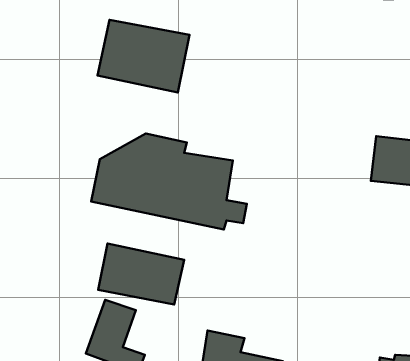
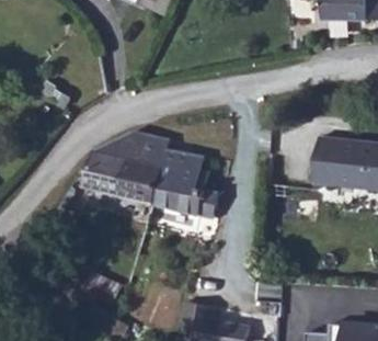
building: [97,20,189,92] -> none
building: [98,243,184,304] -> none

